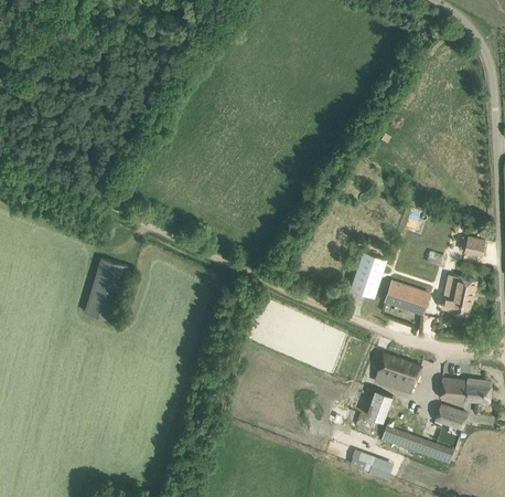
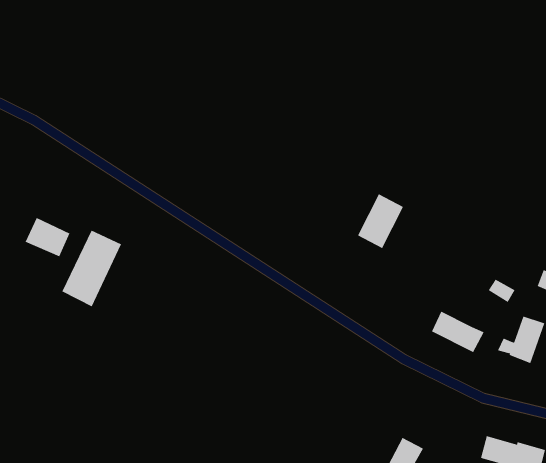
building: [351,252,385,296] -> [357,193,404,249]
building: none -> [25,217,70,257]
building: [374,352,419,394] -> none

